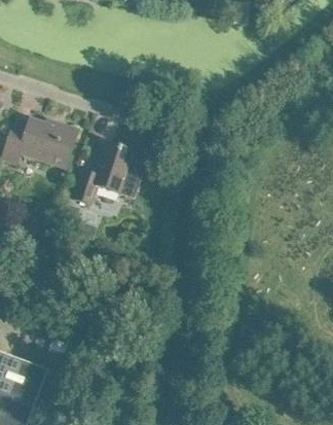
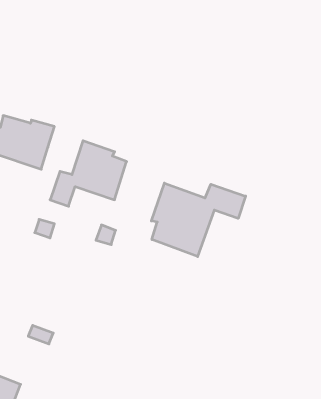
building: none -> [151,183,246,257]

